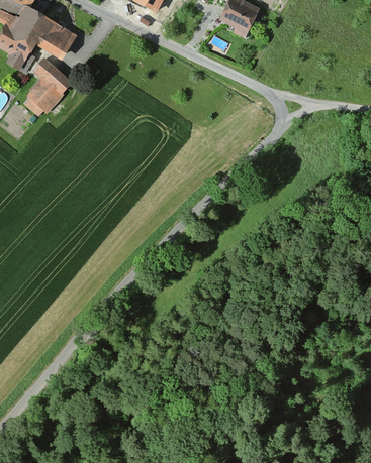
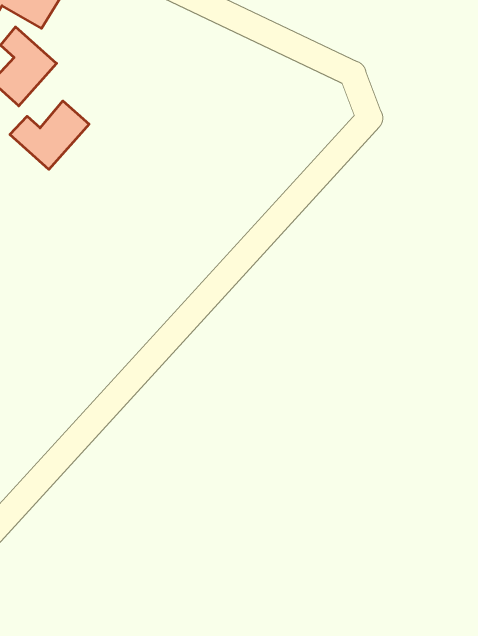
building: none -> [10,101,89,169]

